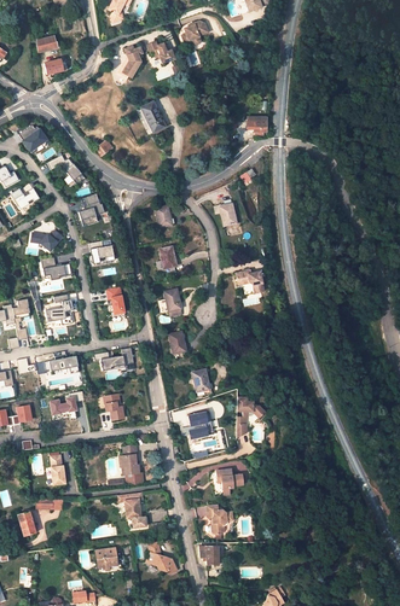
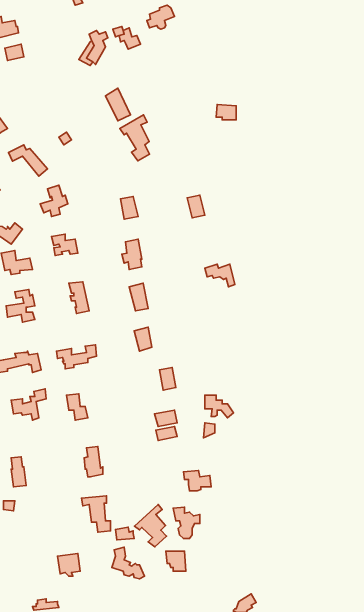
building: none -> [120,115,150,161]
building: none -> [135,505,167,547]

